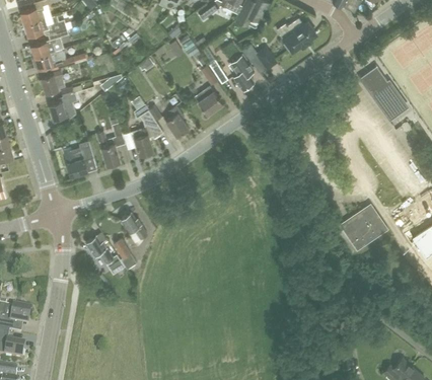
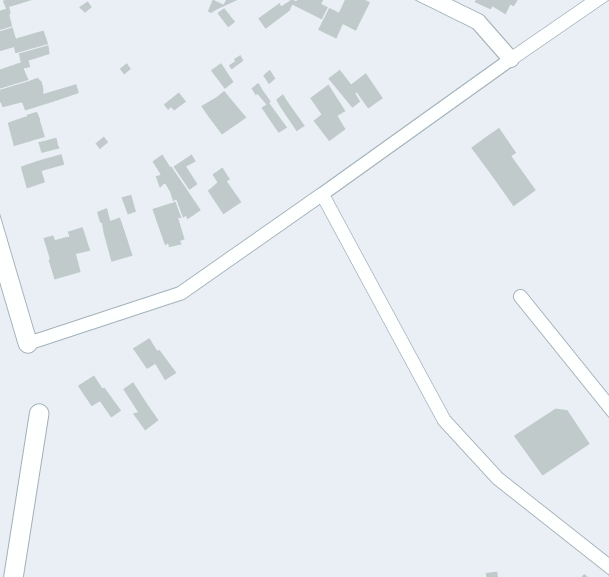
building: [280,16,314,50] -> none
building: [357,65,399,122] -> [470,127,537,218]
building: [193,85,222,113] -> [200,90,247,136]
building: [338,207,386,249] -> [513,408,591,476]

